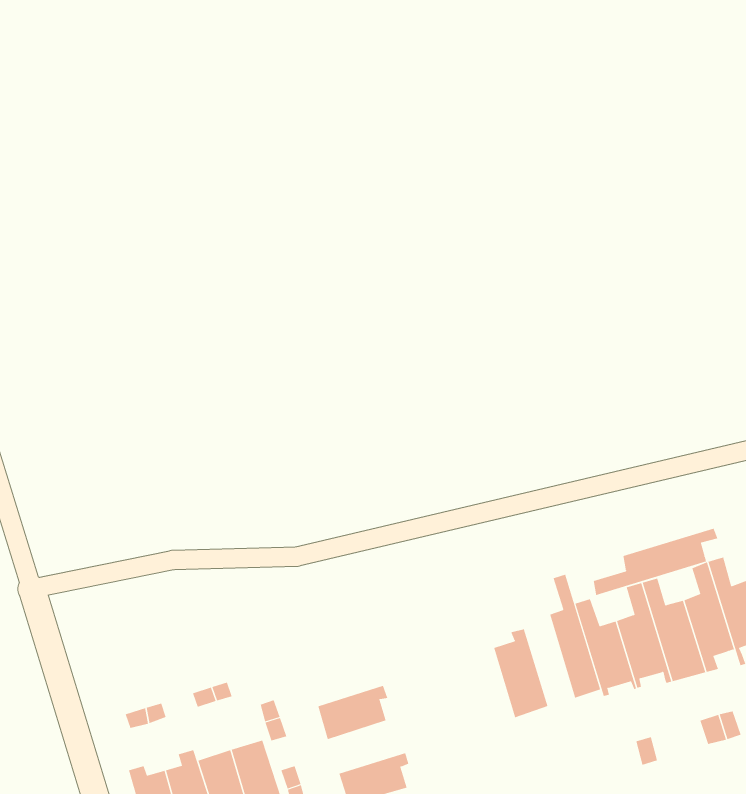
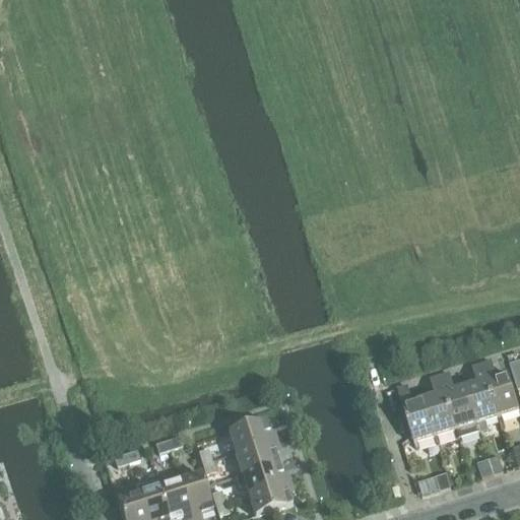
building: [593,528,727,596] -> none
building: [549,574,601,699] -> none
building: [493,629,548,718] -> none
building: none -> [228,418,276,451]
building: none -> [235,460,290,494]

